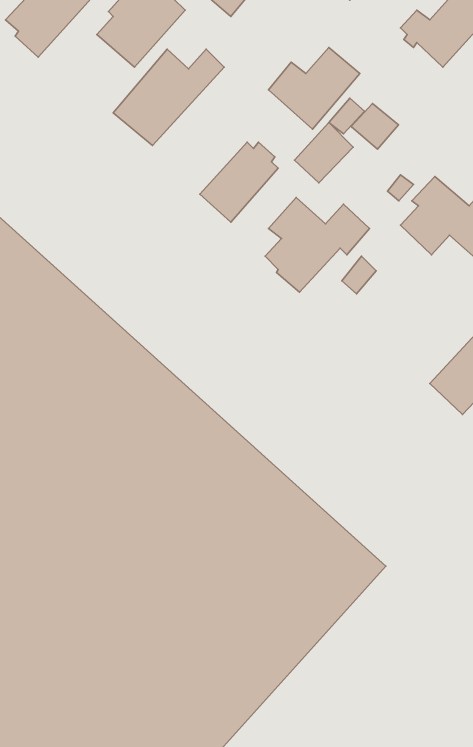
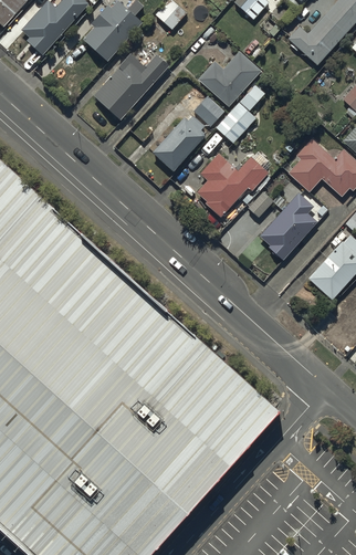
building: [351,104,399,149] -> [192,96,224,127]
building: none -> [258,196,315,262]

